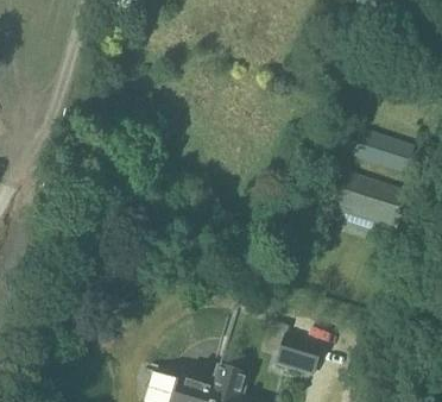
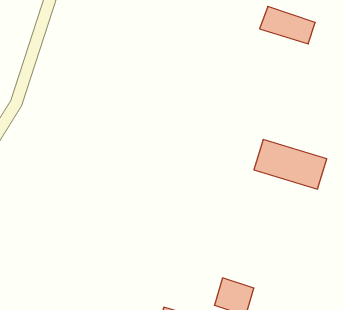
building: [348,125,413,169] -> [260,6,315,44]

